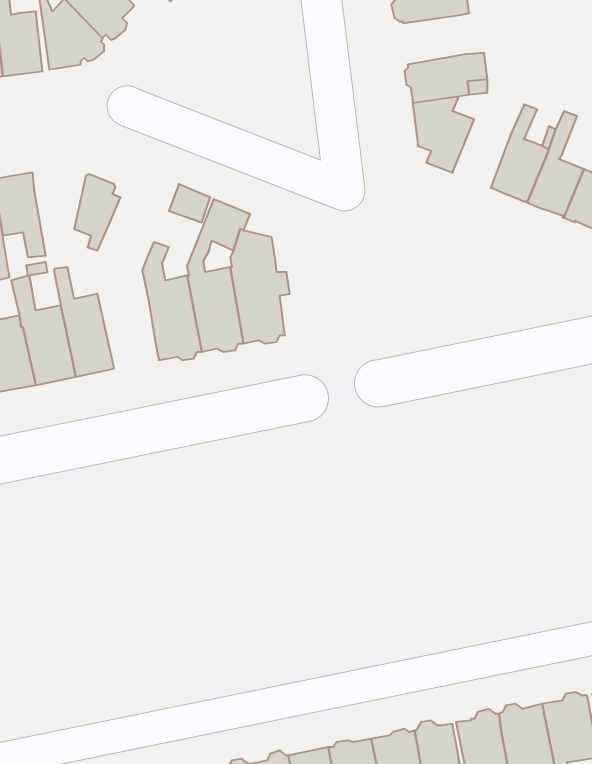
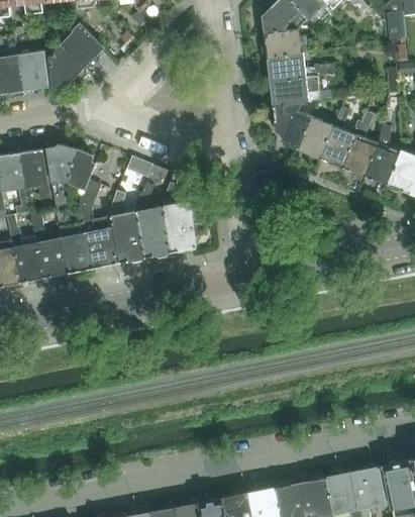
building: none -> [268,53,336,83]
building: none -> [298,112,336,158]
building: none -> [46,144,75,207]
building: none -> [79,180,119,268]

